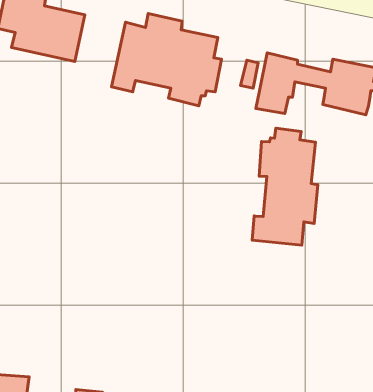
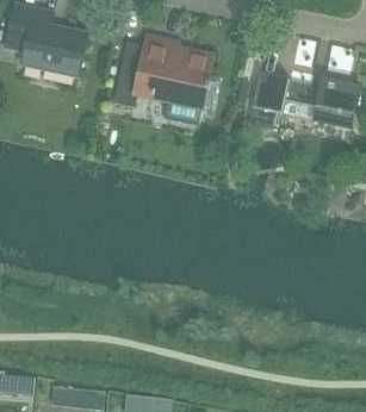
building: [252,128,318,245] -> none

